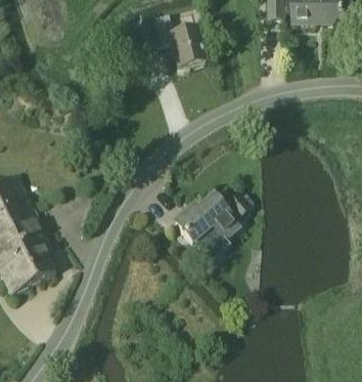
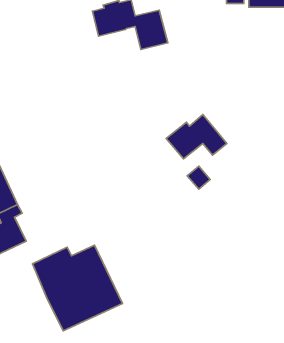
building: [173,196,237,243] -> [166,115,227,159]
building: none -> [32,245,123,331]

